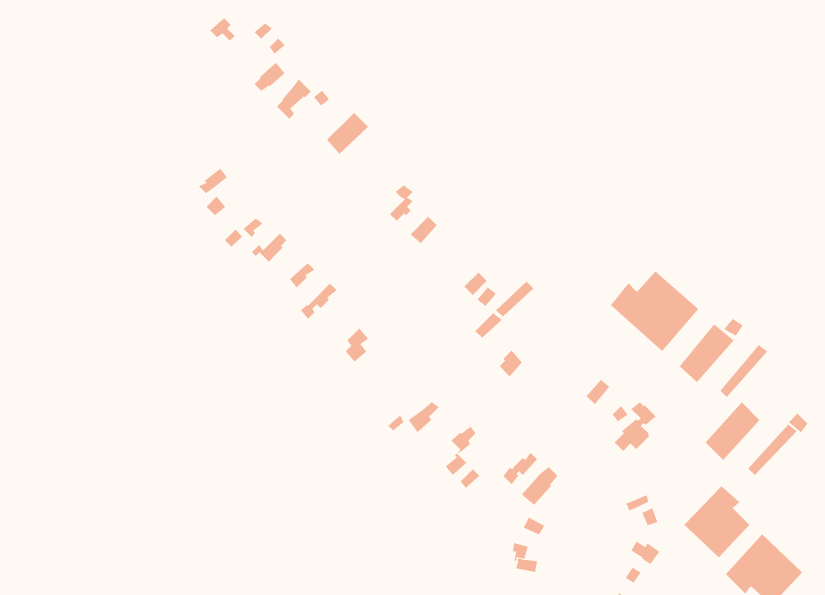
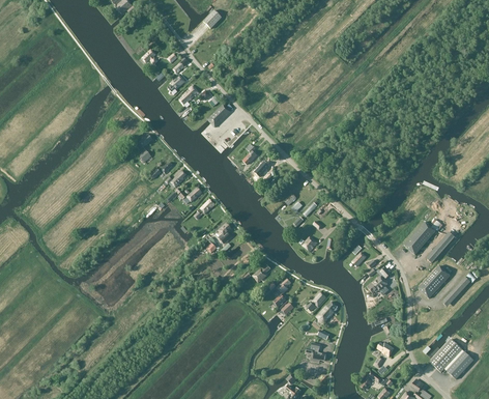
building: [610,271,699,352] -> none
building: [683,486,750,558] -> none

